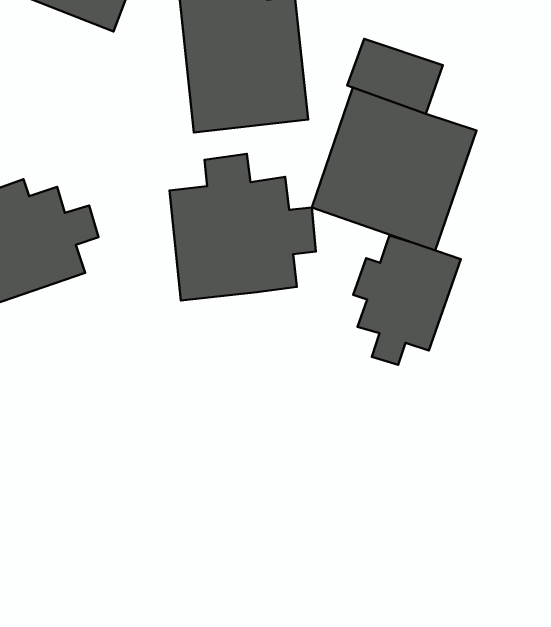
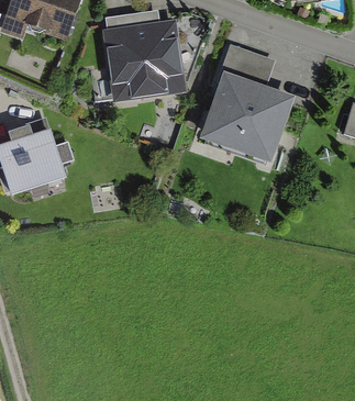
building: [169,154,316,300] -> none
building: [353,235,461,365] -> none

